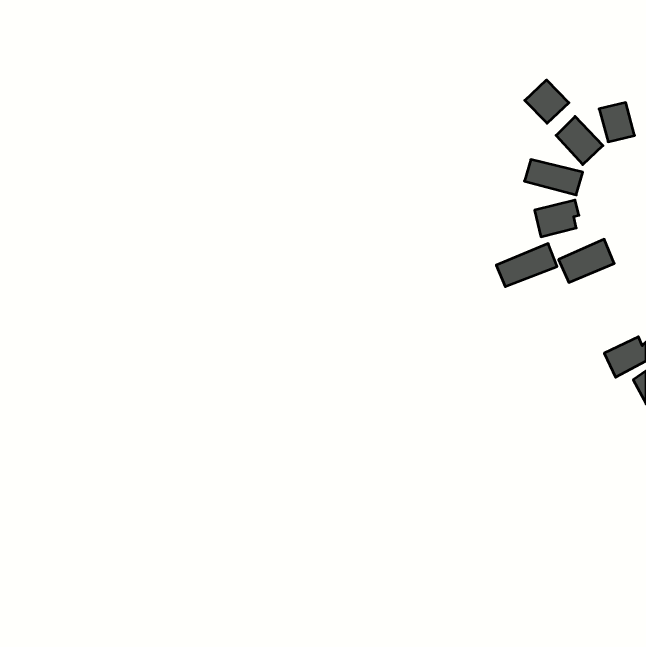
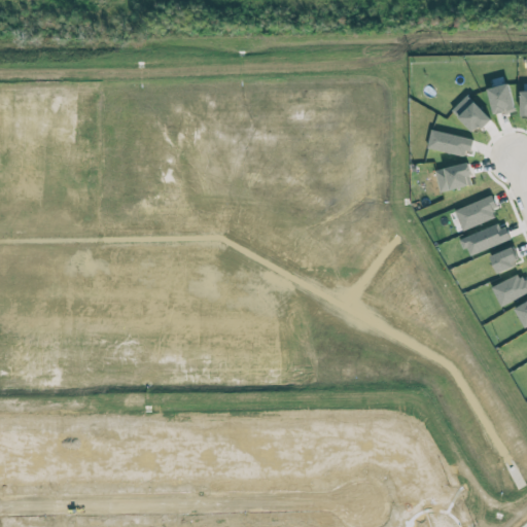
building: [525,80,569,123] -> none
building: [496,244,557,287] -> [461,221,511,256]
building: none -> [490,247,519,272]

